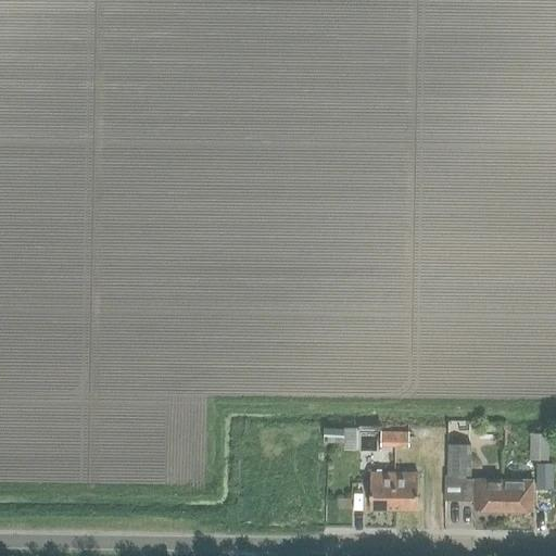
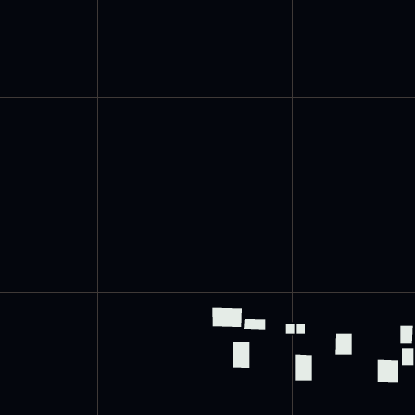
building: none -> [212,307,243,328]
building: [369,472,393,509] -> [232,341,250,369]
building: [465,479,503,510] -> none

